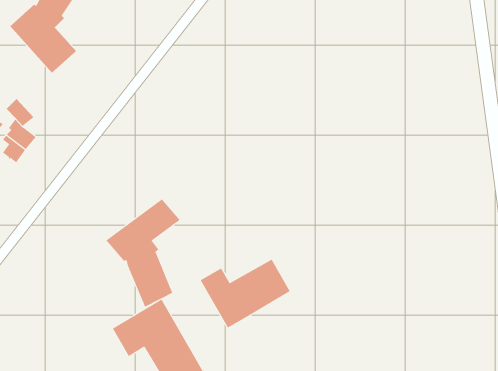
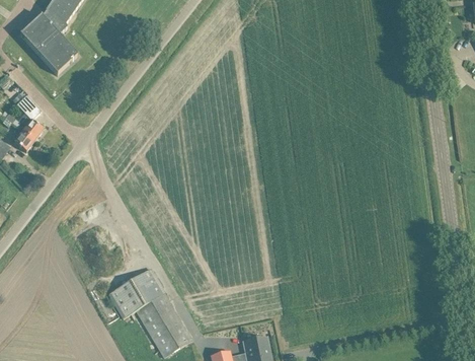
building: [106,199,181,307] -> none
building: [200,259,290,328] -> none

